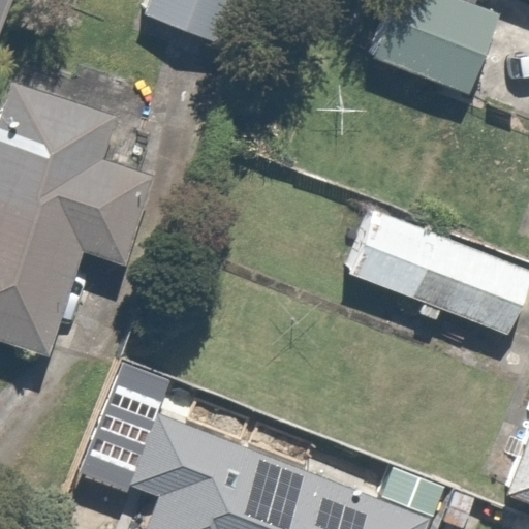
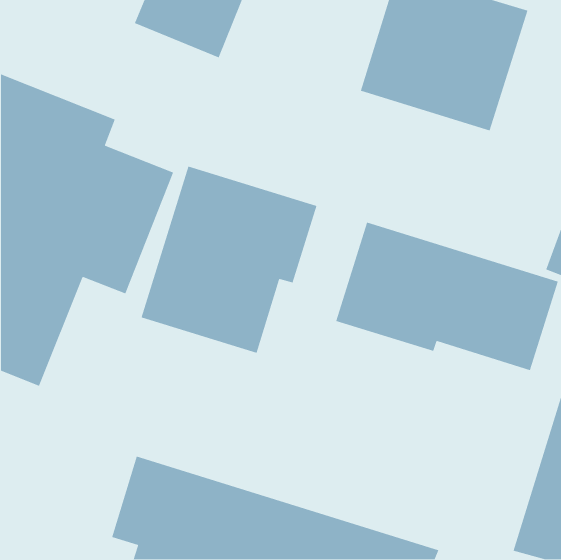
building: none -> [141,166,318,354]

